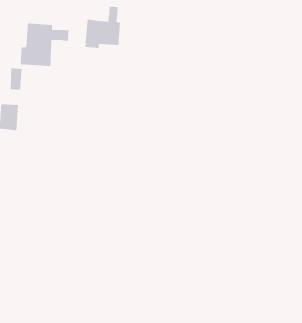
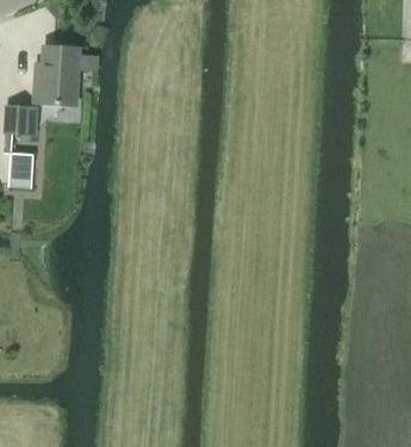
building: [85,6,121,49] -> none

